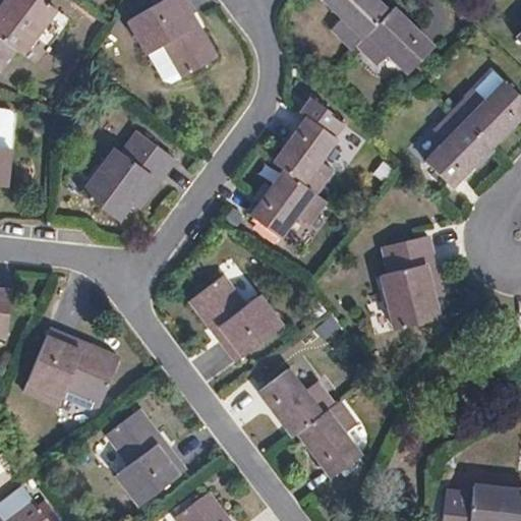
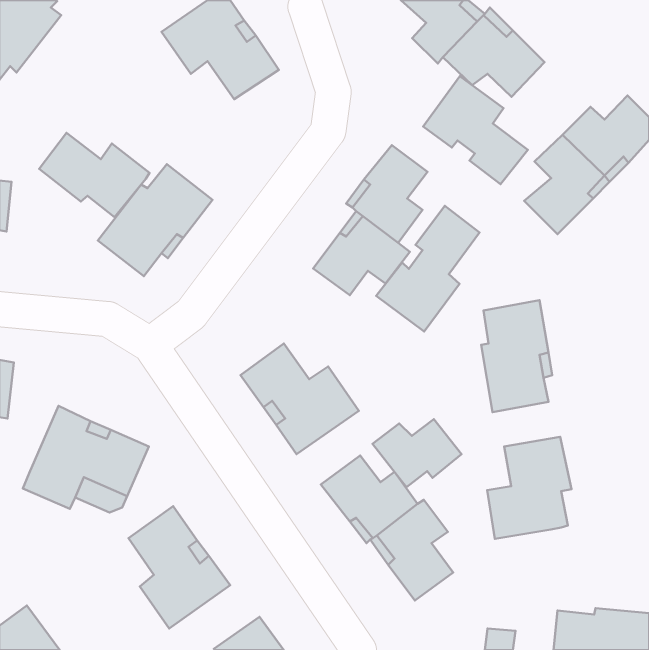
building: none -> [423,76,528,184]
building: none -> [39,133,149,217]
building: none -> [376,206,480,332]
building: none -> [373,419,461,487]
building: none -> [487,437,571,539]

